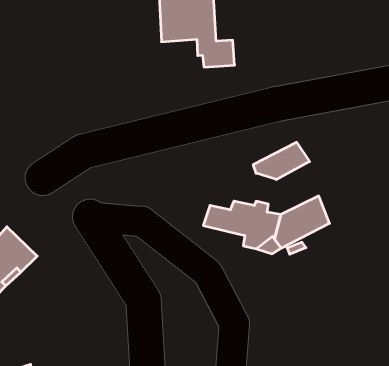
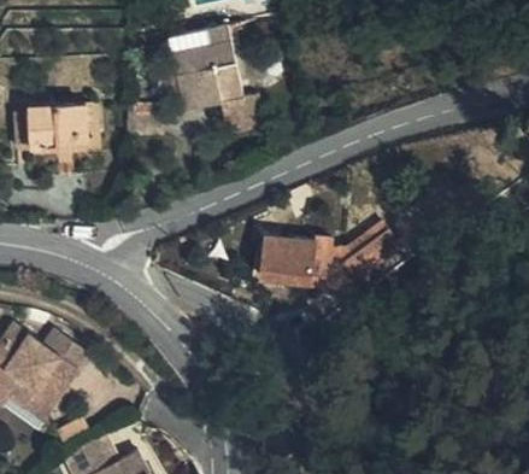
building: none -> [27,89,99,144]
building: [253,142,310,180] -> none

